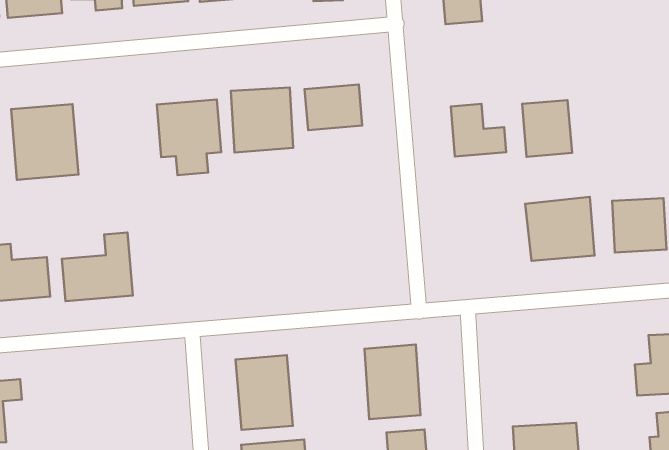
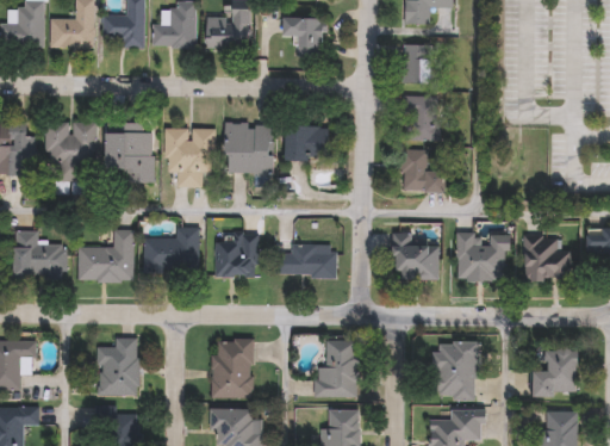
building: [522,100,572,157] -> [402,97,438,140]
building: none -> [105,130,154,181]
building: none -> [393,231,437,278]
building: none -> [143,227,198,271]
building: none -> [214,234,257,277]
building: none -> [275,243,335,275]
building: none -> [431,340,477,397]
building: none -> [97,336,138,395]

